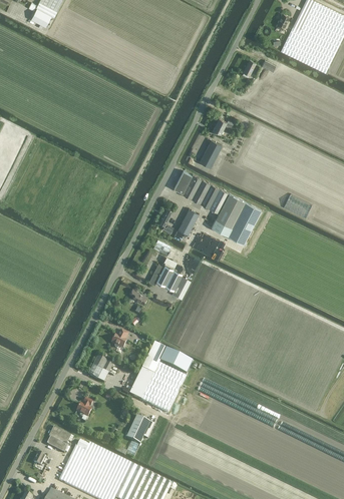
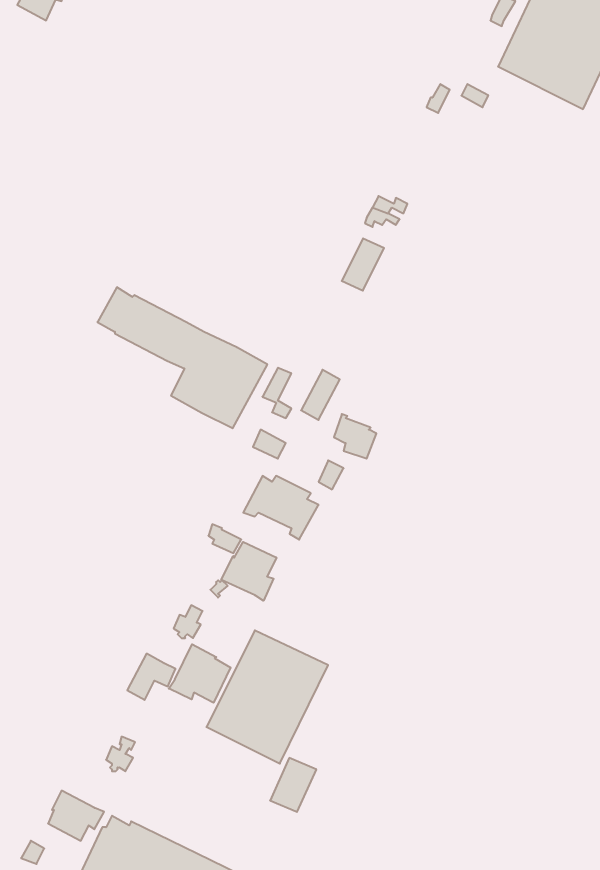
building: [174,170,262,243] -> [97,287,267,428]
building: none -> [221,542,276,601]
building: none -> [169,644,231,703]
building: [126,416,150,444] -> [270,758,316,812]

